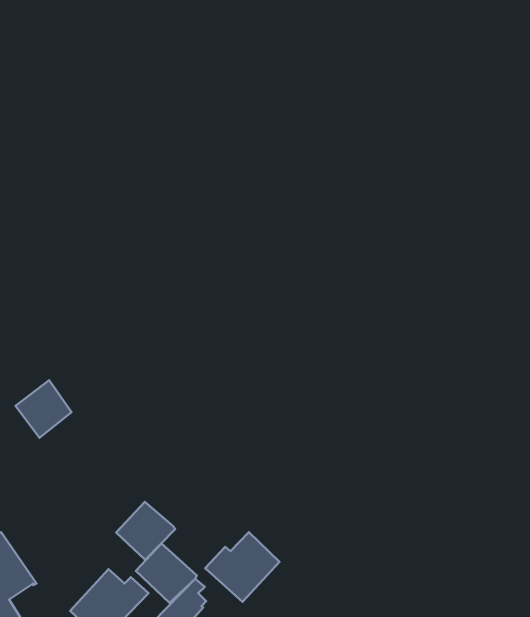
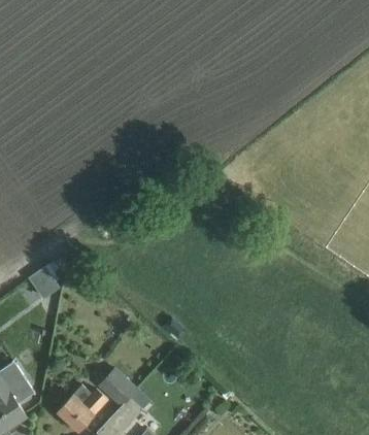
building: [116,502,175,560] -> none
building: [205,532,280,602] -> none

